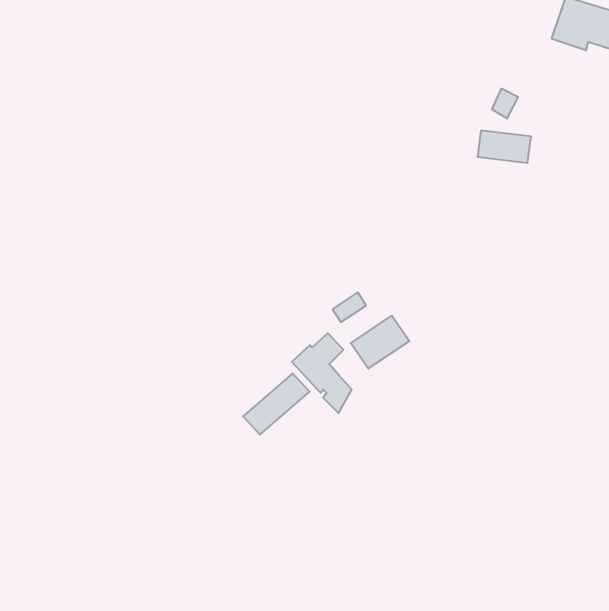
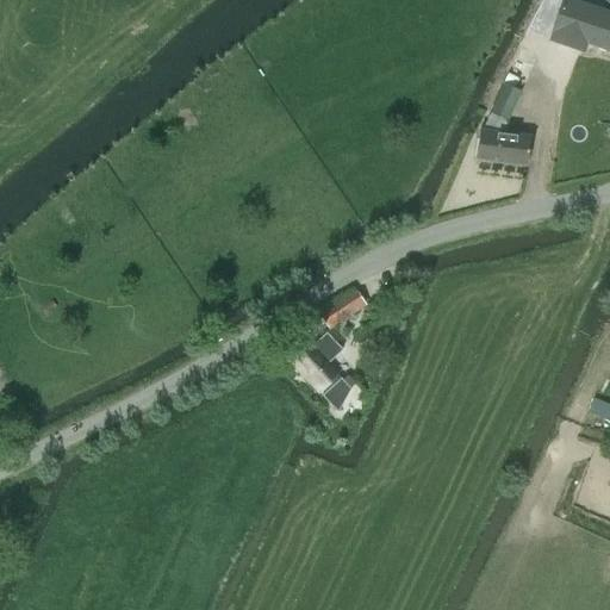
building: [351,316,409,369] -> none
building: [243,373,309,435] -> none

